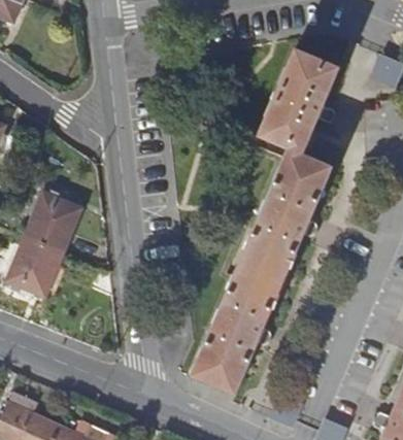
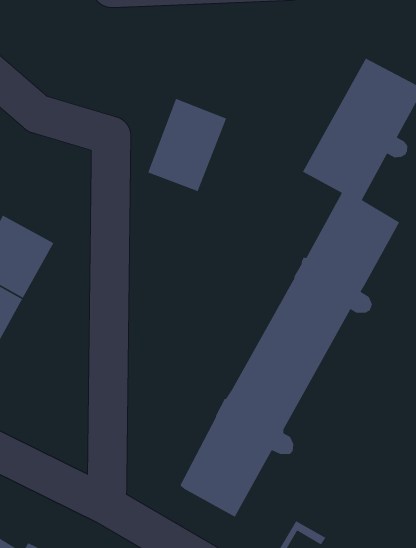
building: none -> [147,98,227,192]

